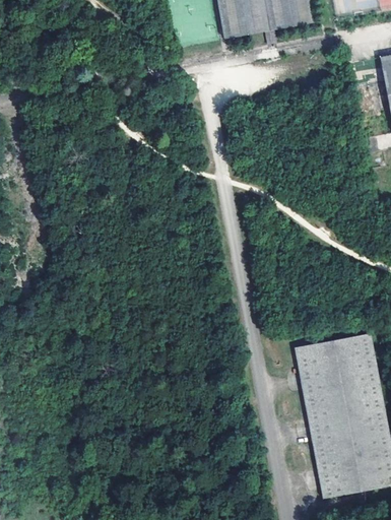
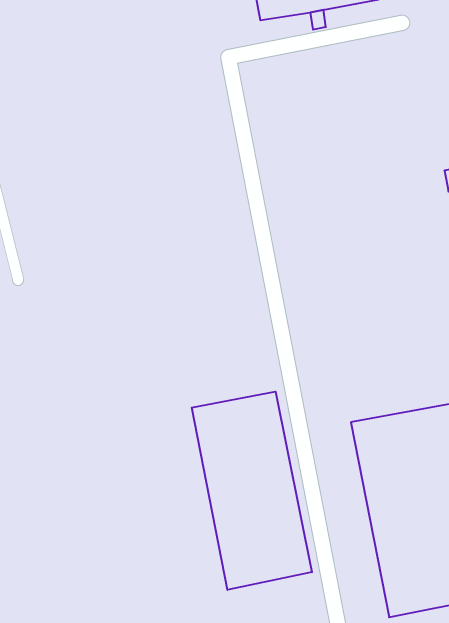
building: none -> [192,392,312,590]

